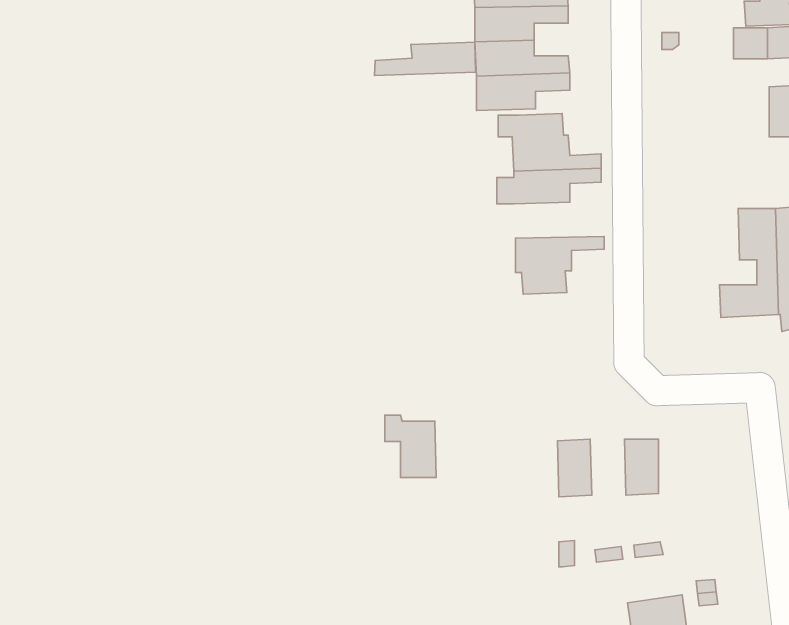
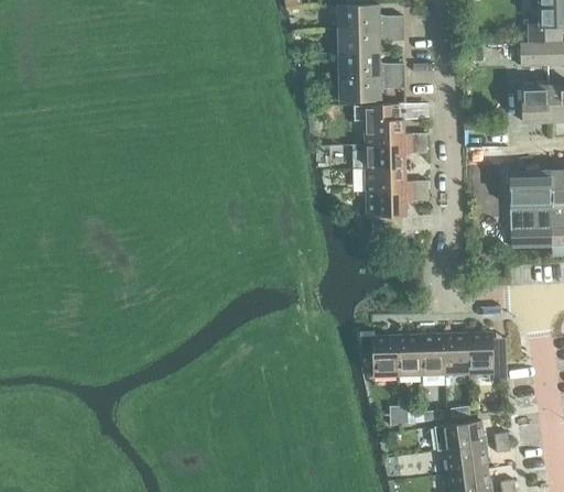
building: [375,42,475,76] -> none
building: none -> [521,85,545,121]
building: none -> [365,166,429,192]
building: [385,415,436,477] -> [360,330,397,374]
building: none -> [467,332,507,380]
building: none -> [419,334,444,373]
building: none -> [433,420,484,450]

